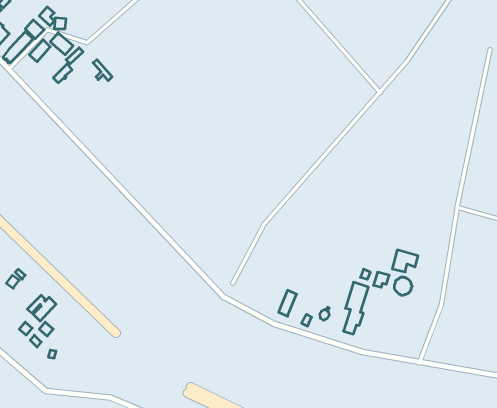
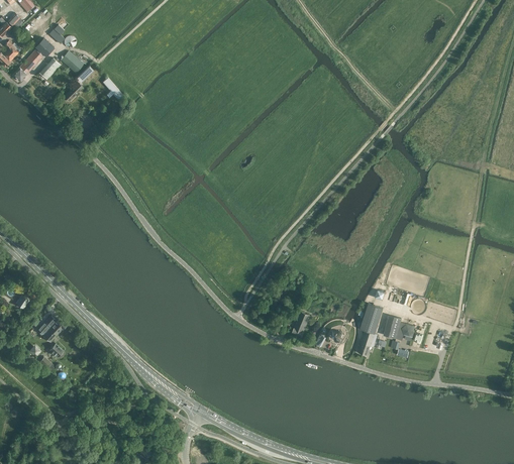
building: [392,250,418,272] -> [388,319,414,341]

